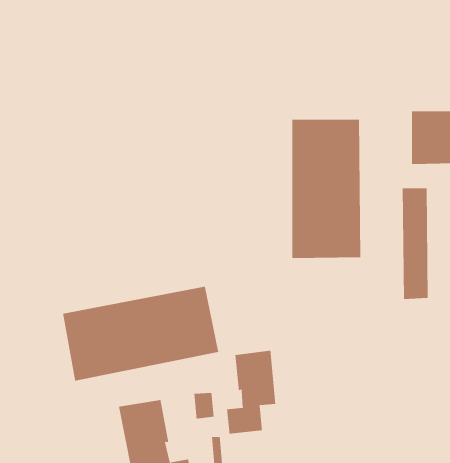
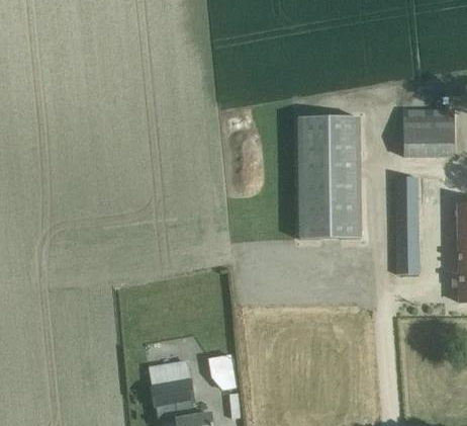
building: [62,286,219,381] -> none
building: [227,350,276,435] -> none

